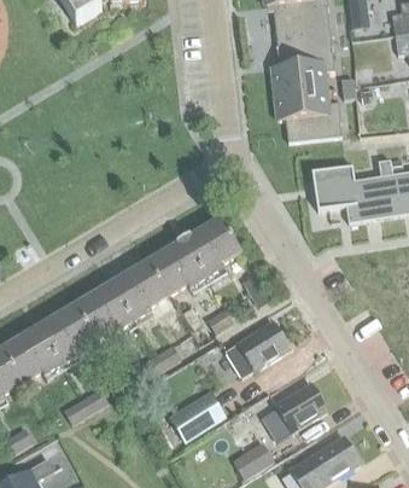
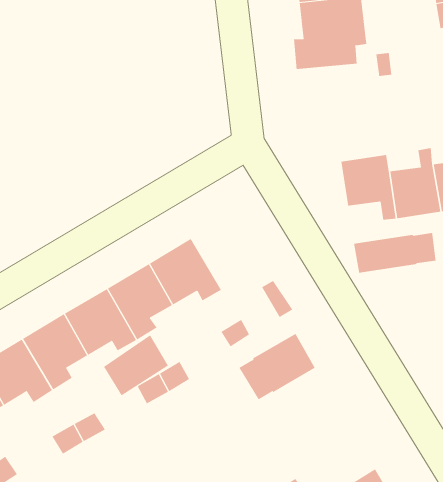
building: [273,86,341,140] -> none
building: [182,215,240,281] -> none
building: none -> [353,232,436,273]
building: [262,382,327,441] -> none
building: [169,389,226,442] -> [103,335,169,396]

